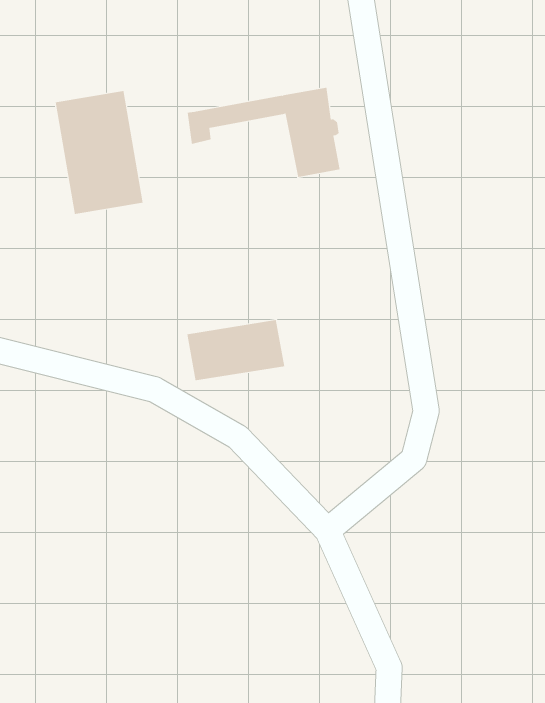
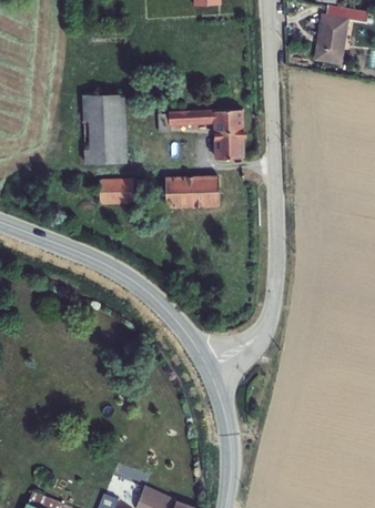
building: none -> [92,180,133,203]
building: [186,320,285,381] -> [164,177,219,206]

